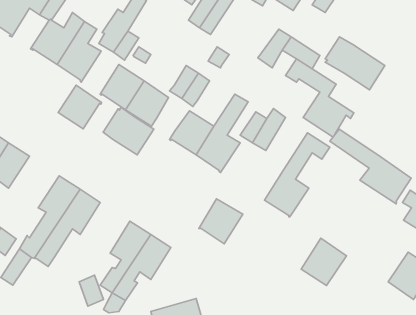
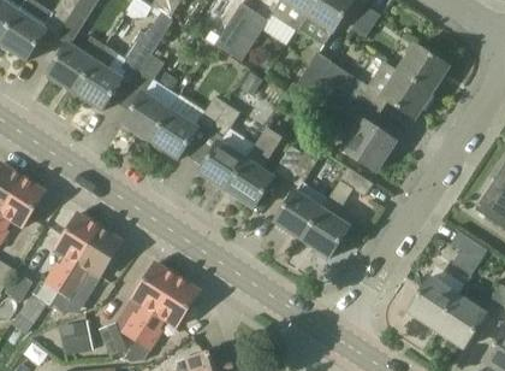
building: none -> [397,43,448,92]
building: [58,85,101,129] -> none
building: [103,107,154,155] -> none
building: [330,129,411,204] -> none
building: [199,199,243,244] -> [273,189,321,238]
building: [301,238,346,286] -> [408,276,457,328]
building: none -> [59,319,95,354]

